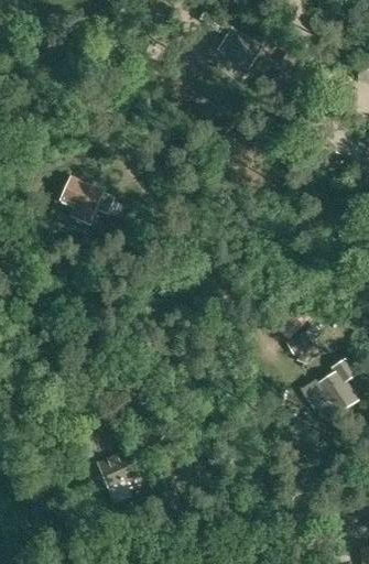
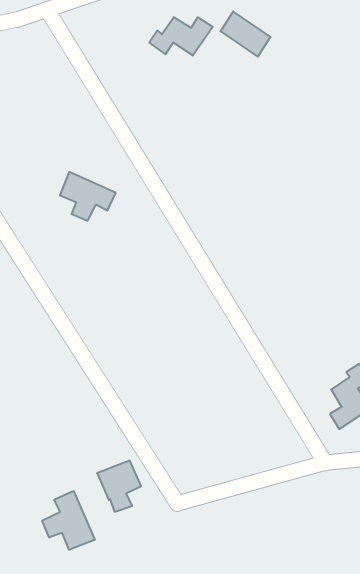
building: none -> [149,17,213,56]
building: none -> [42,491,95,550]

